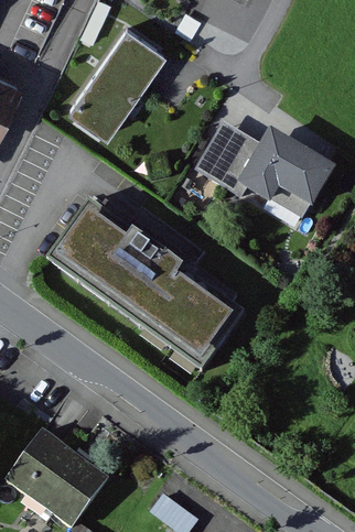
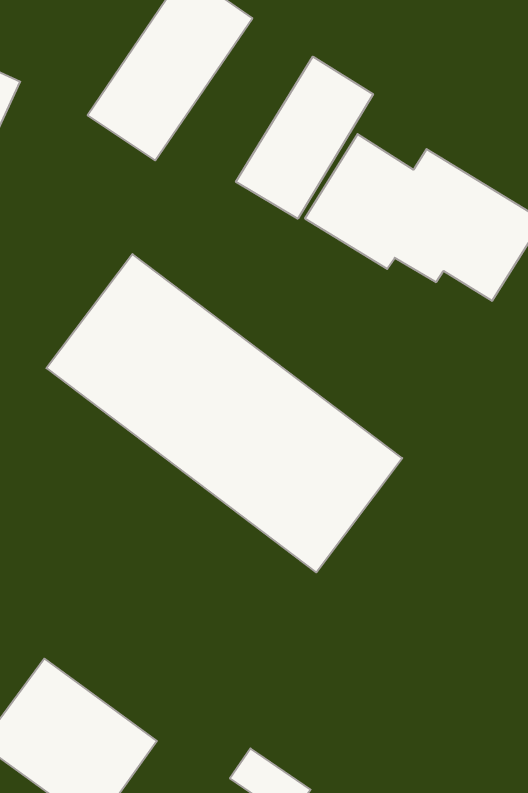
building: none -> [236,57,373,219]

